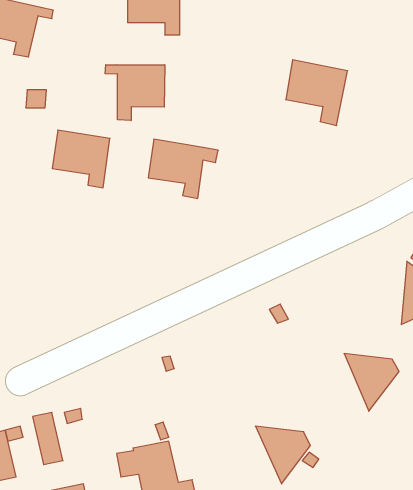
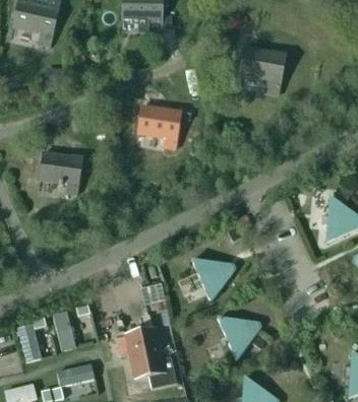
building: [105,65,165,121] -> none
building: [52,130,110,188] -> [40,153,82,196]
building: [344,354,399,411] -> [192,261,233,304]

